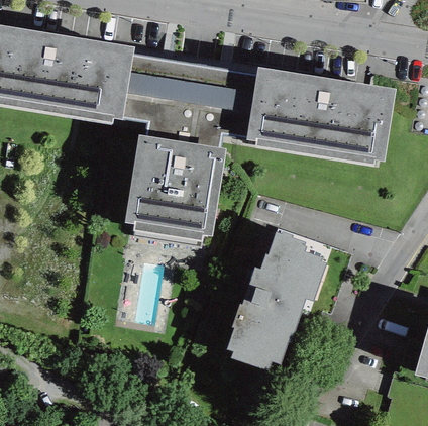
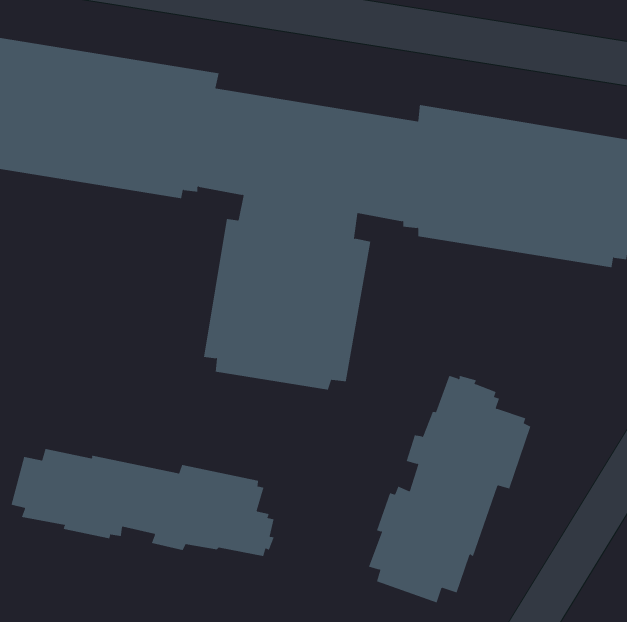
building: none -> [11,448,275,557]

